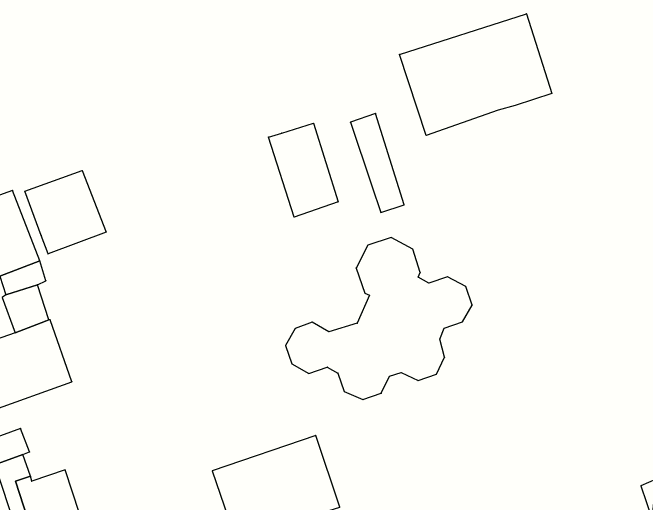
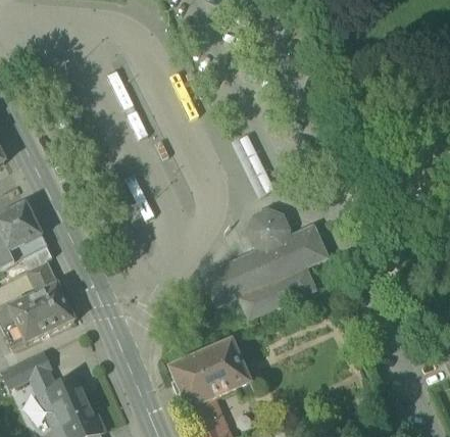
building: [399,14,552,135] -> none
building: [268,123,338,217] -> none
building: [25,171,106,254] -> none

